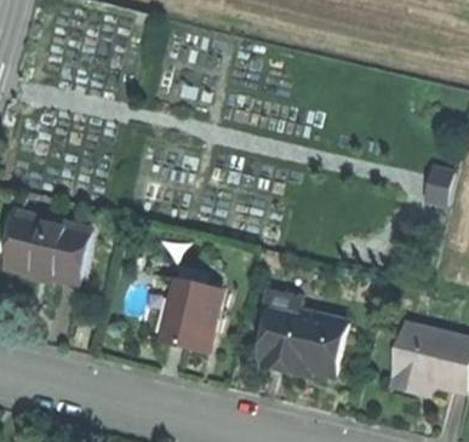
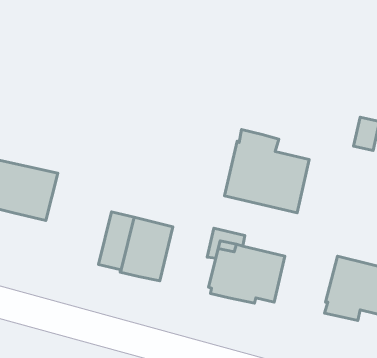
building: none -> [225,130,309,213]

